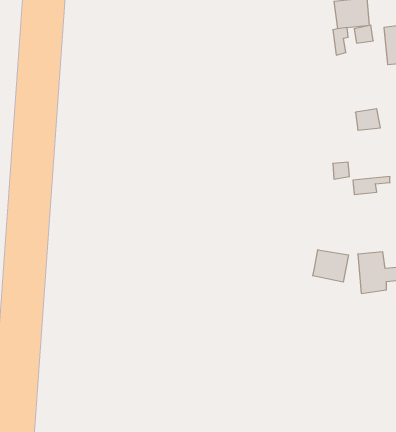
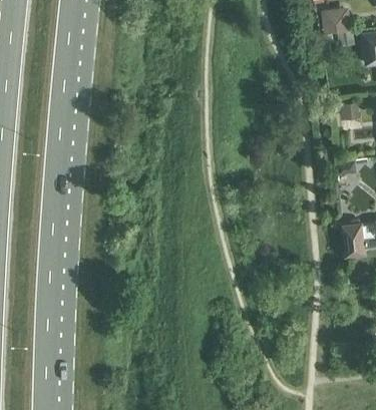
building: [313,250,348,282] -> none

